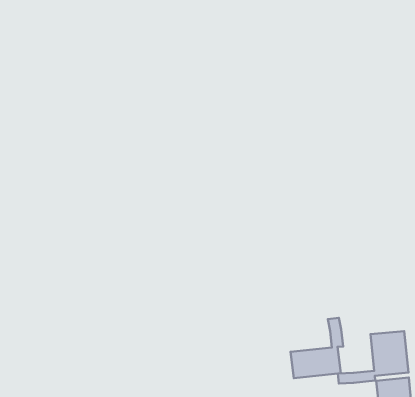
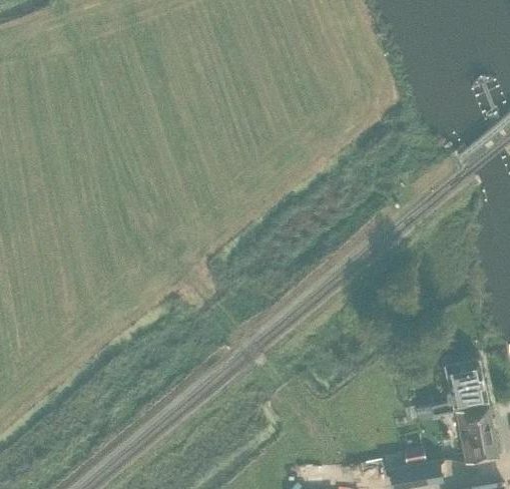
building: [291,318,343,378] -> none

